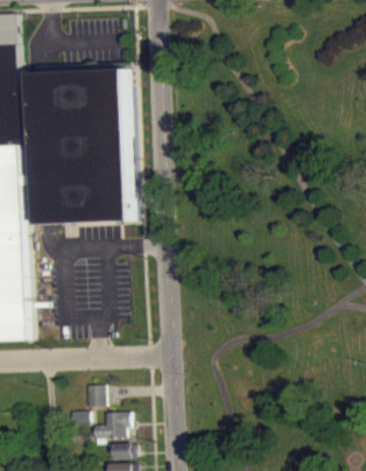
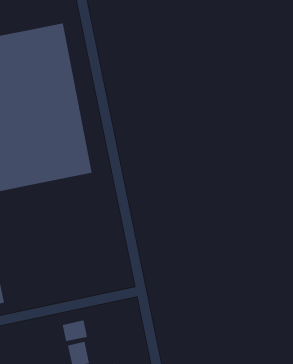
building: none -> [62,319,88,342]

